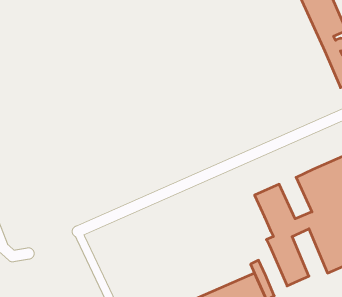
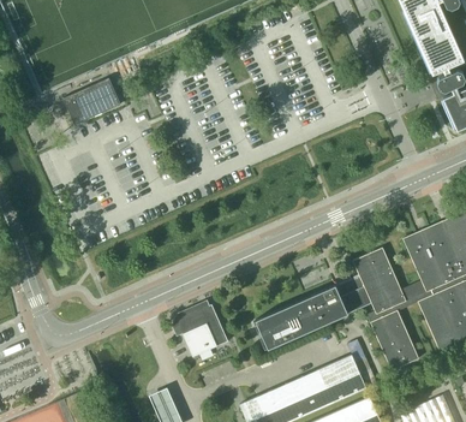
building: none -> [62,77,120,124]
building: none -> [255,284,371,349]
building: none -> [178,304,228,356]

